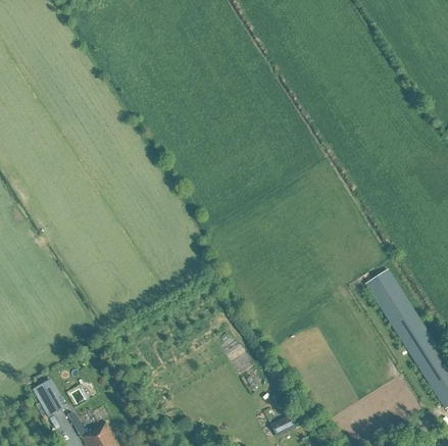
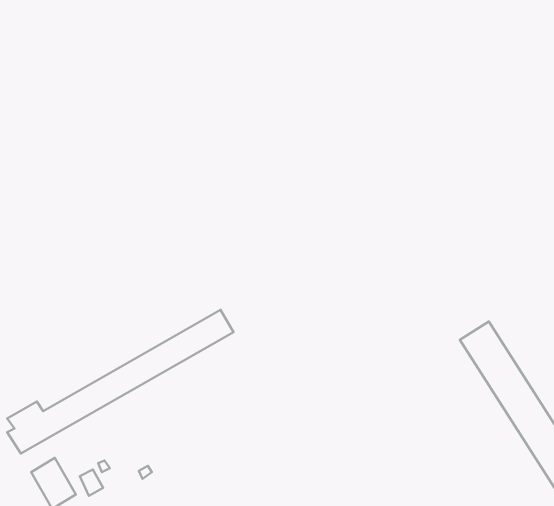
building: none -> [7,310,233,453]

